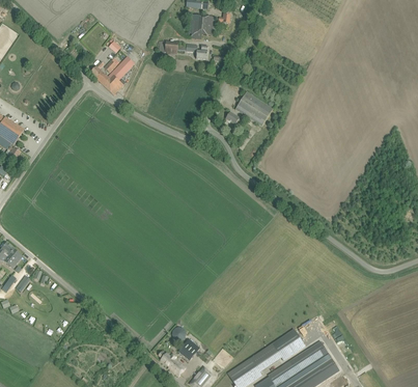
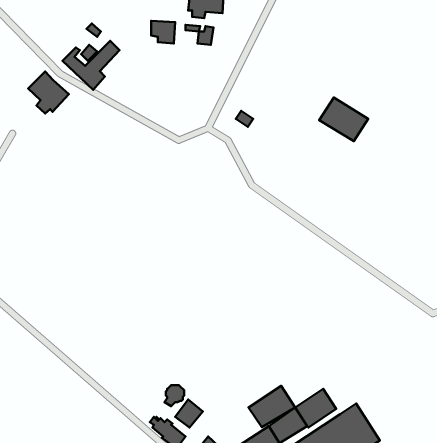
building: none -> [28,72,69,113]
building: [235,91,274,126] -> [319,98,368,141]
building: none -> [249,386,295,427]

